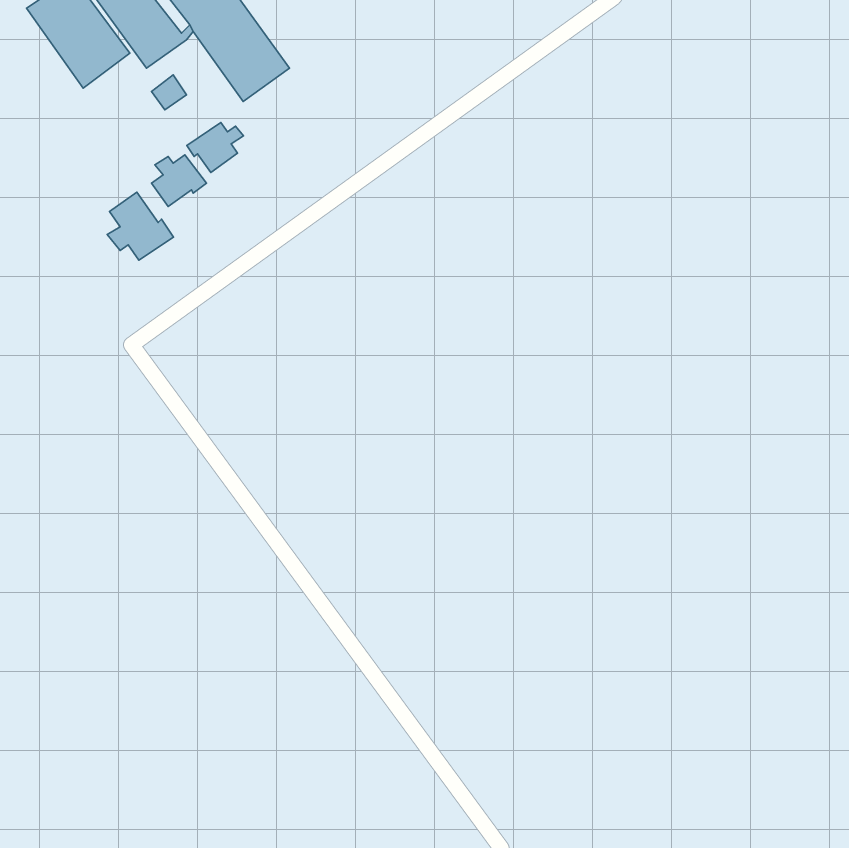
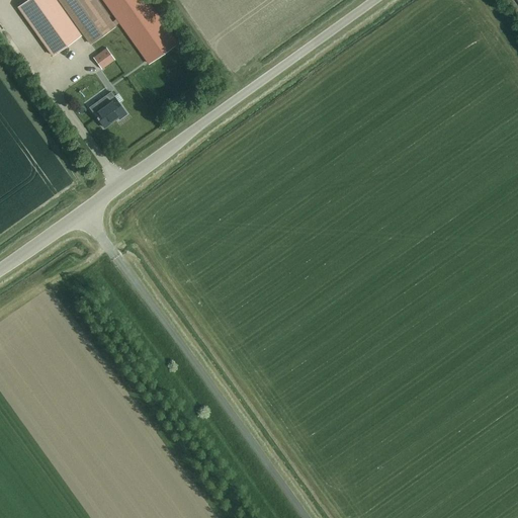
building: [187,122,244,172] -> none
building: [107,192,174,260] -> none

